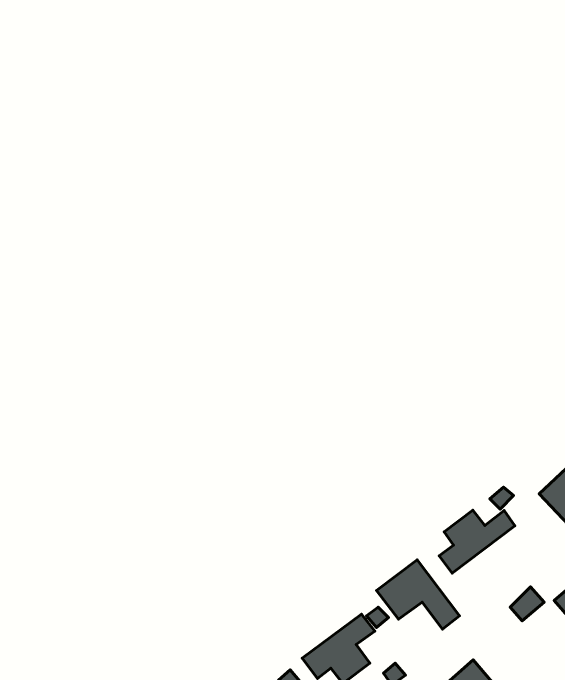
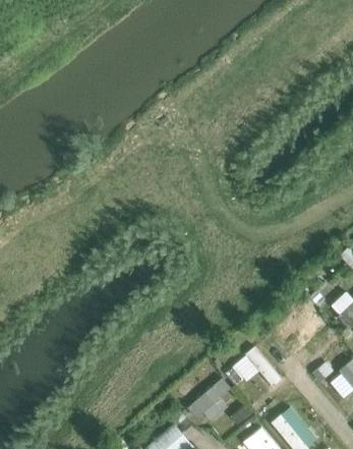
building: [439,510,515,573] -> none

